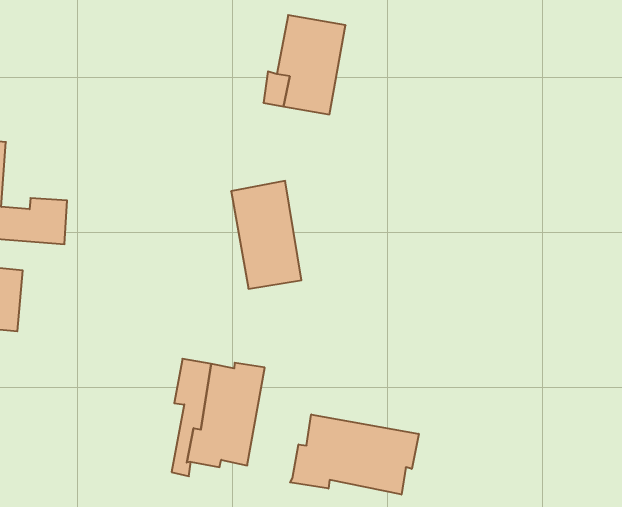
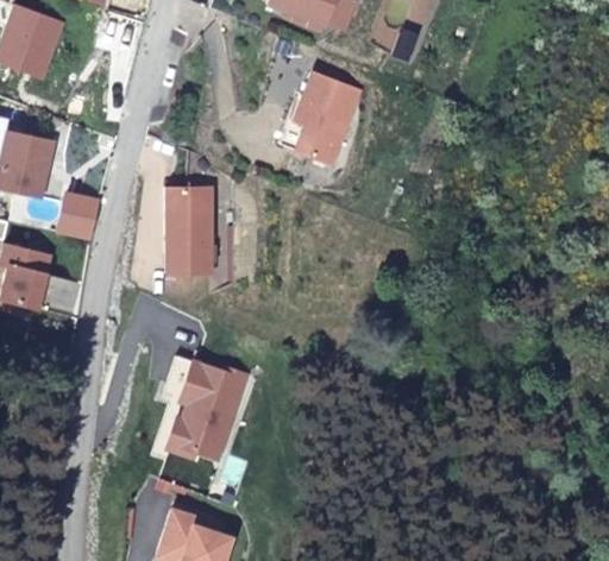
building: [231,181,301,289] -> [167,189,214,276]
building: [290,414,419,495] -> none

